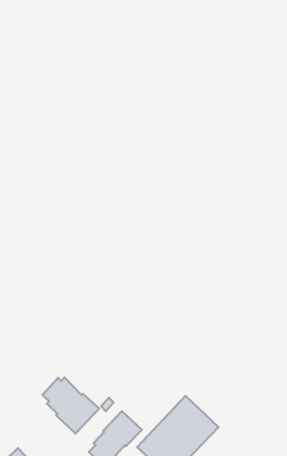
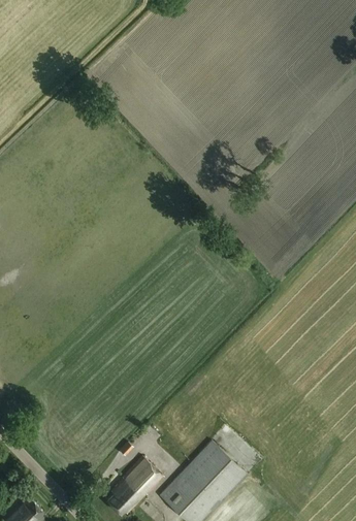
building: [42,378,99,433] -> none

